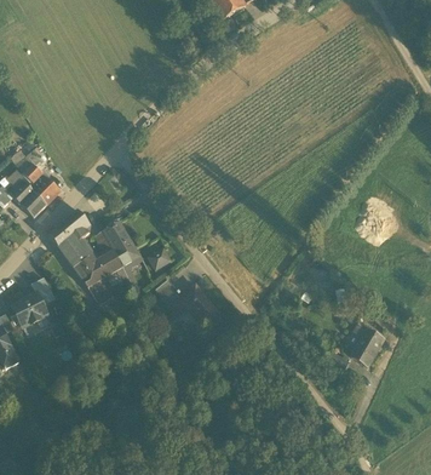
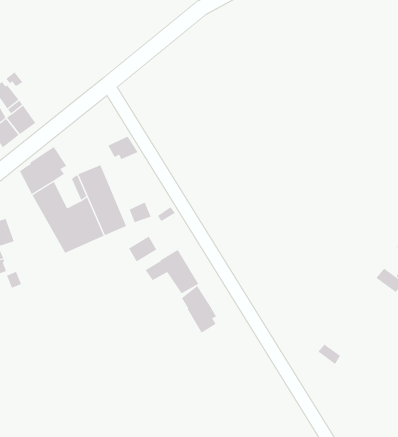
building: none -> [181,285,217,333]
building: [350,327,384,365] -> none

